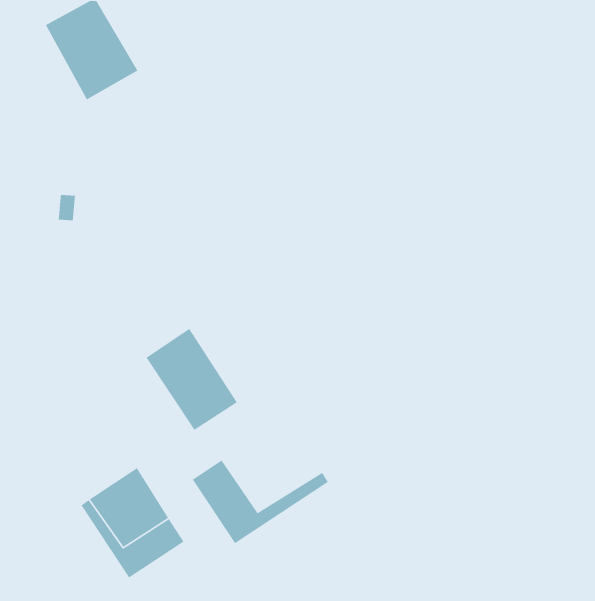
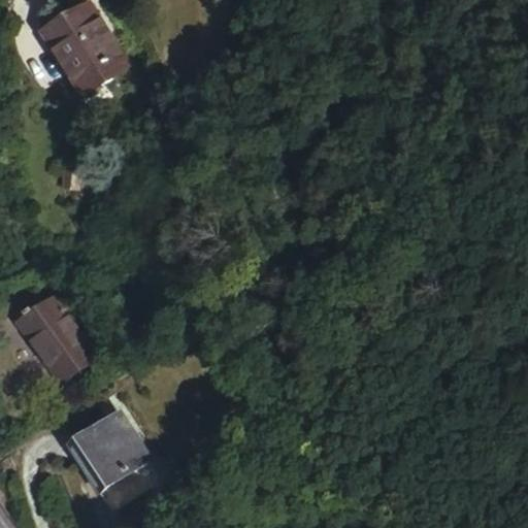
building: [146,328,238,431] -> [19,292,99,382]
building: [192,459,329,544] -> none

